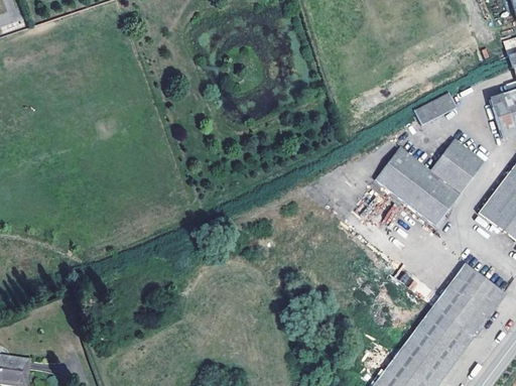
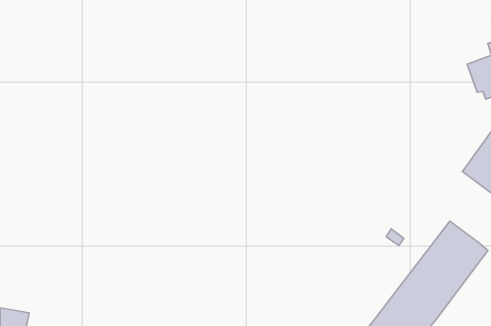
building: [415,93,457,124] -> none
building: [377,139,484,224] -> none

